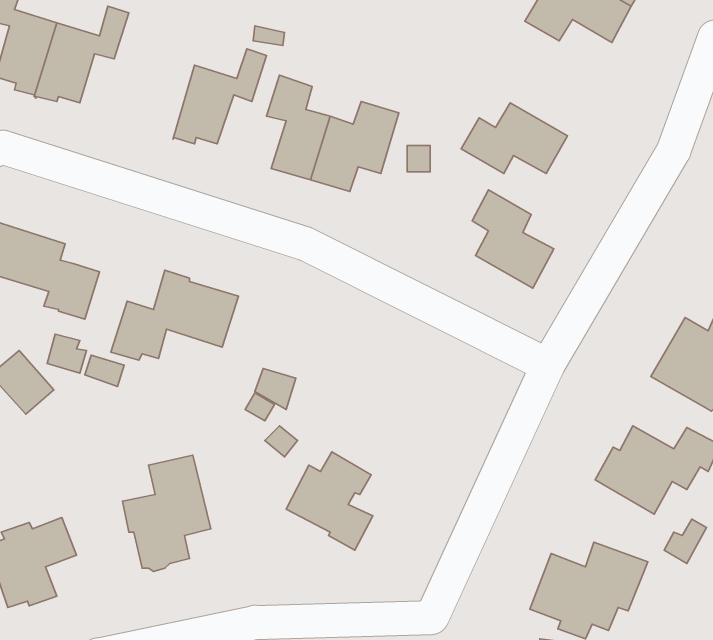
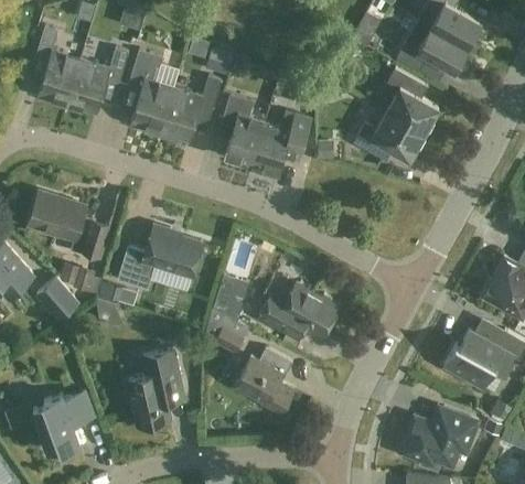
building: none -> [128,51,173,137]
building: [472,190,554,288] -> [384,68,439,135]
building: none -> [258,283,339,336]

